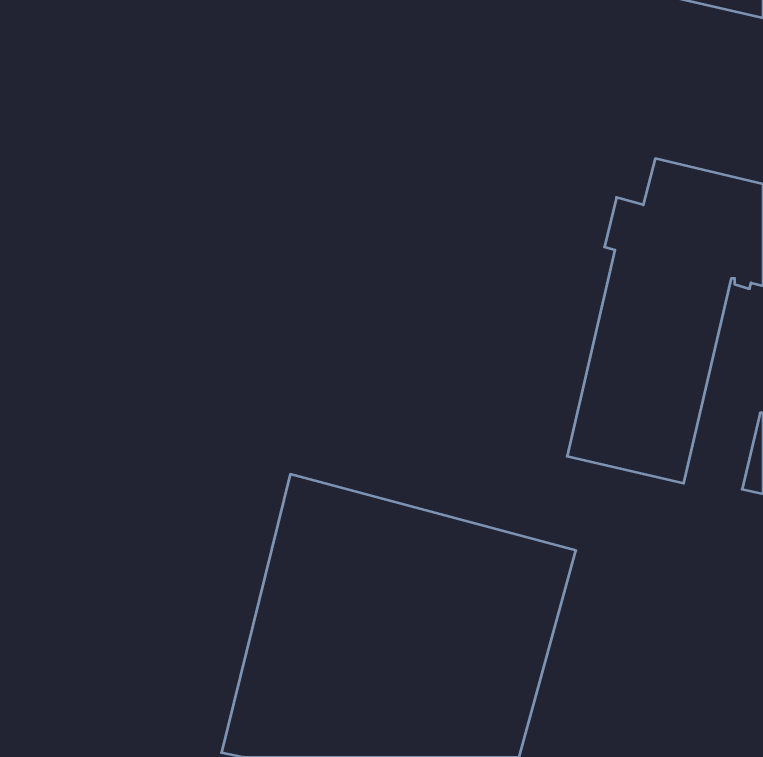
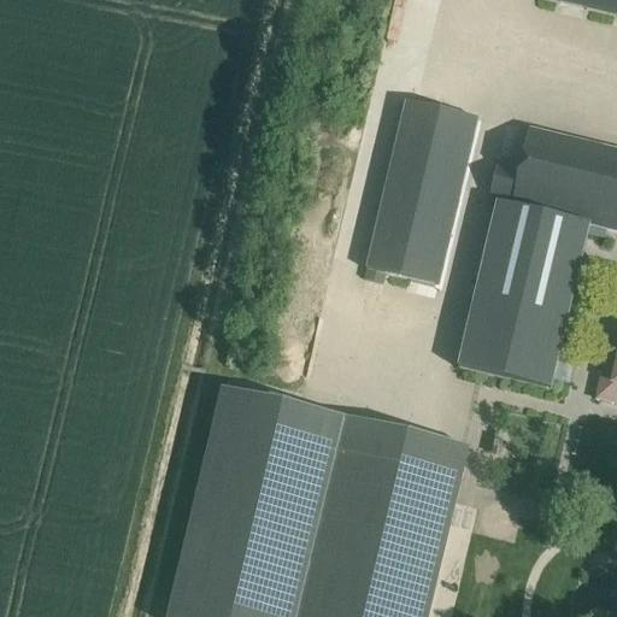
building: none -> [363,101,477,287]

